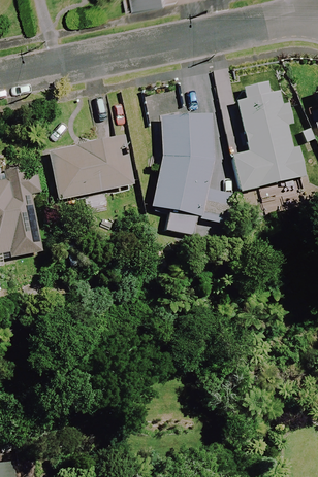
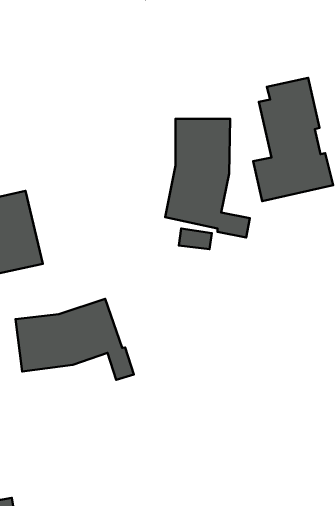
building: [50,135,135,198] -> none
building: none -> [16,299,134,380]

